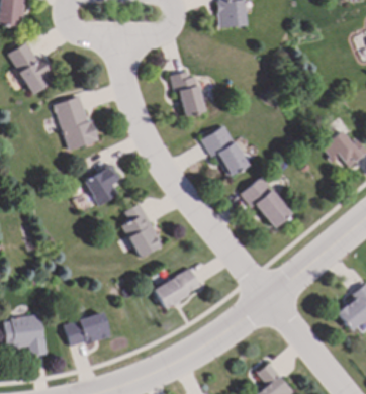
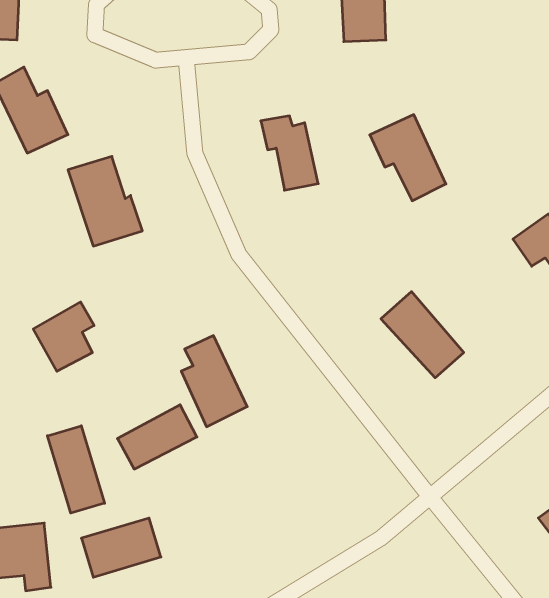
building: [201,125,247,177] -> [370,115,446,201]
building: [84,165,120,206] -> [33,302,94,371]
building: none -> [47,426,105,513]
building: [153,269,200,307] -> [117,405,197,469]

